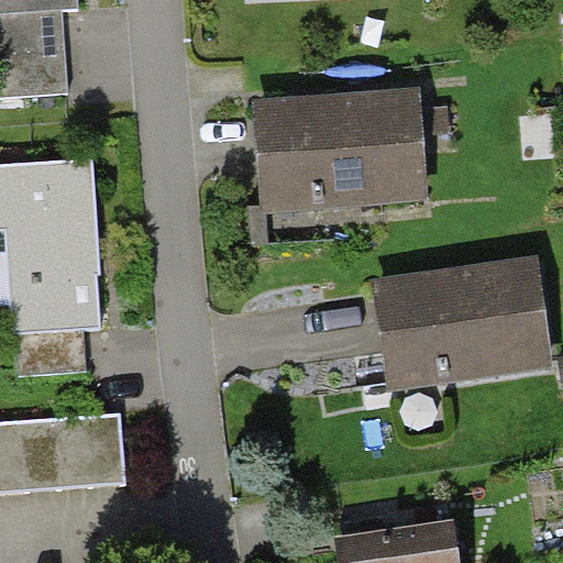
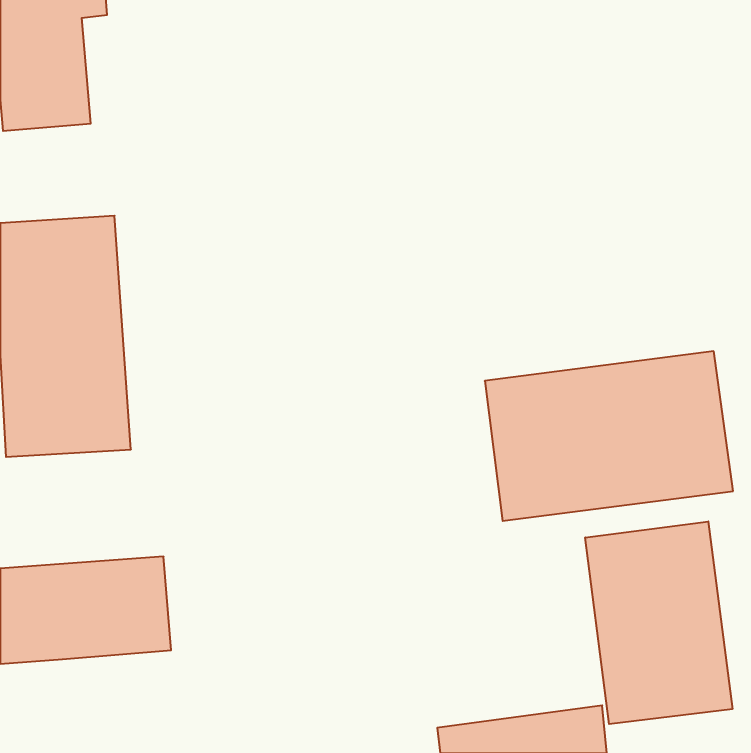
building: [244,93,413,212] -> none
building: none -> [585,521,732,724]

